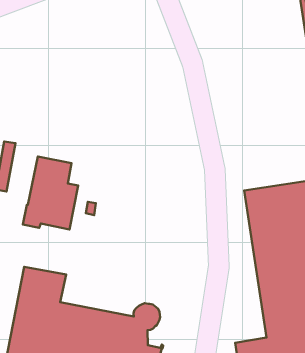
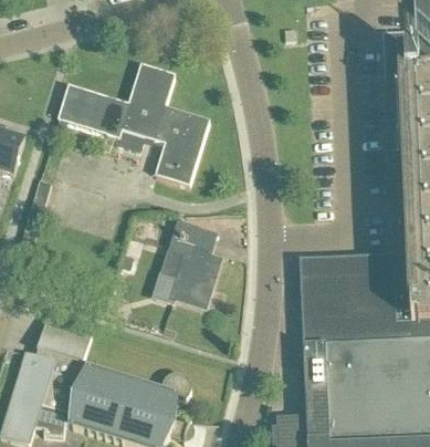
building: none -> [60,62,211,184]
building: [23,157,78,230] -> [156,221,221,305]

